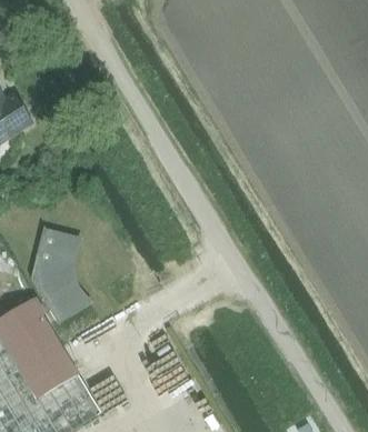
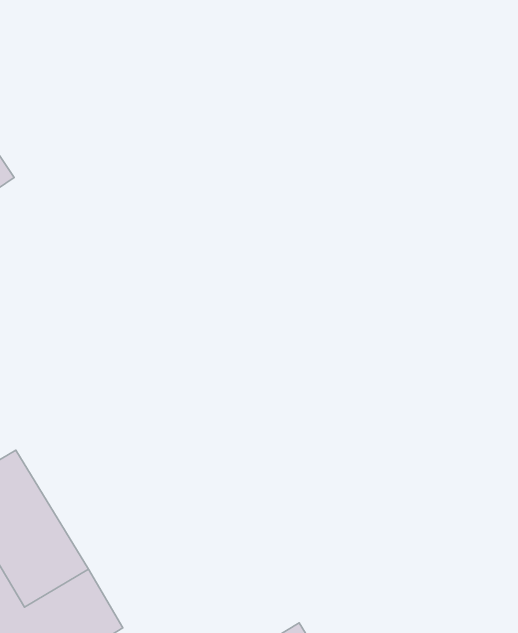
building: [32,229,89,323] -> none

